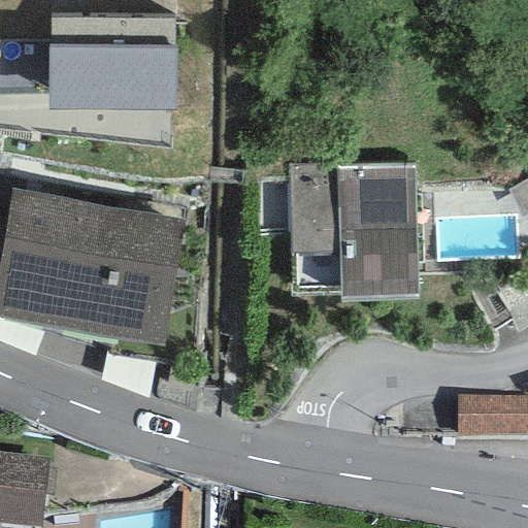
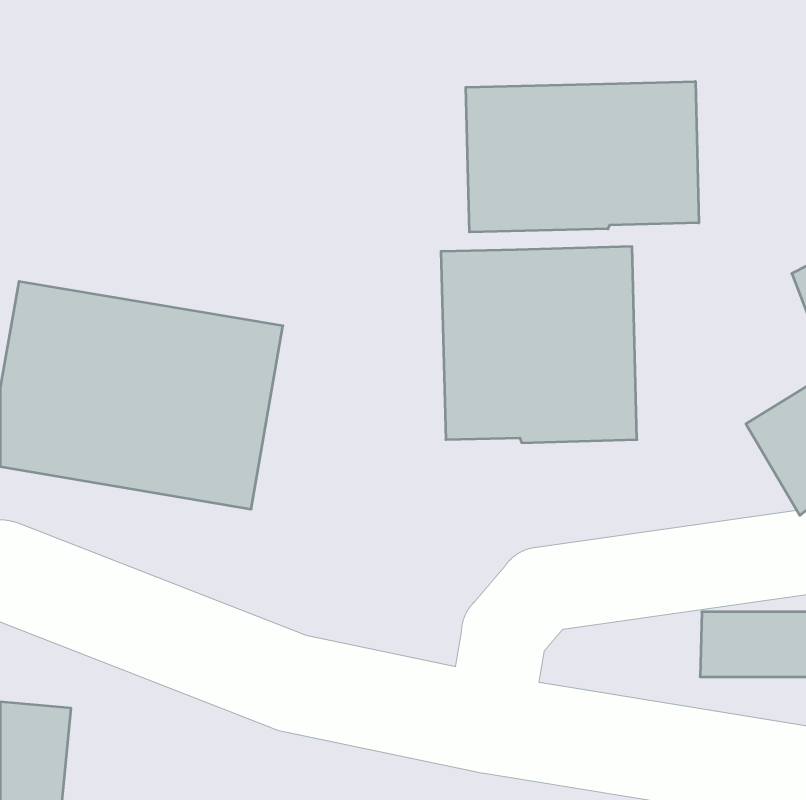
building: [50,19,177,107] -> none
building: none -> [466,81,699,232]

